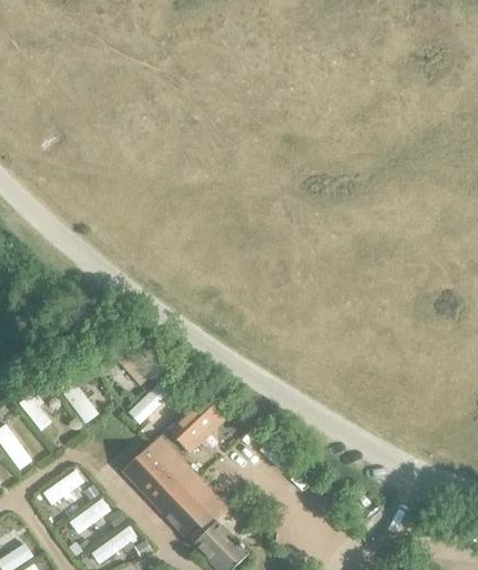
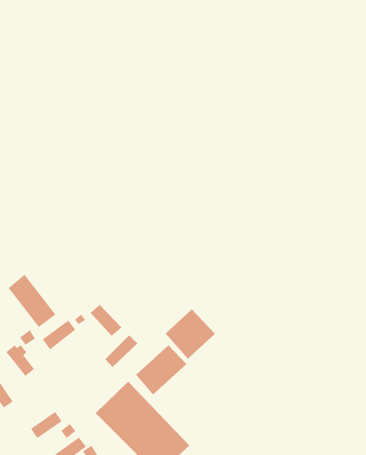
building: none -> [8,274,56,328]
building: none -> [165,308,216,359]

